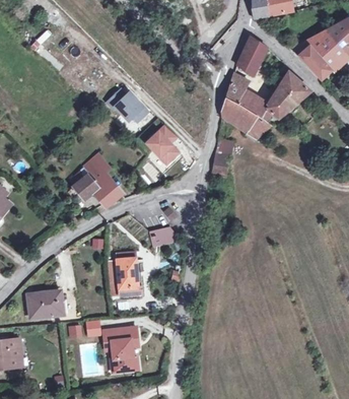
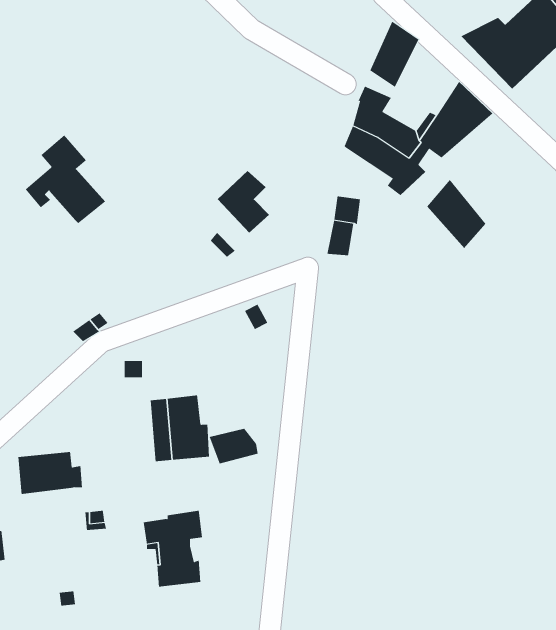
building: [108,89,147,121] -> none
building: none -> [427,179,486,249]
building: [74,152,122,205] -> [25,135,106,224]
building: [149,225,179,247] -> [209,428,259,464]

